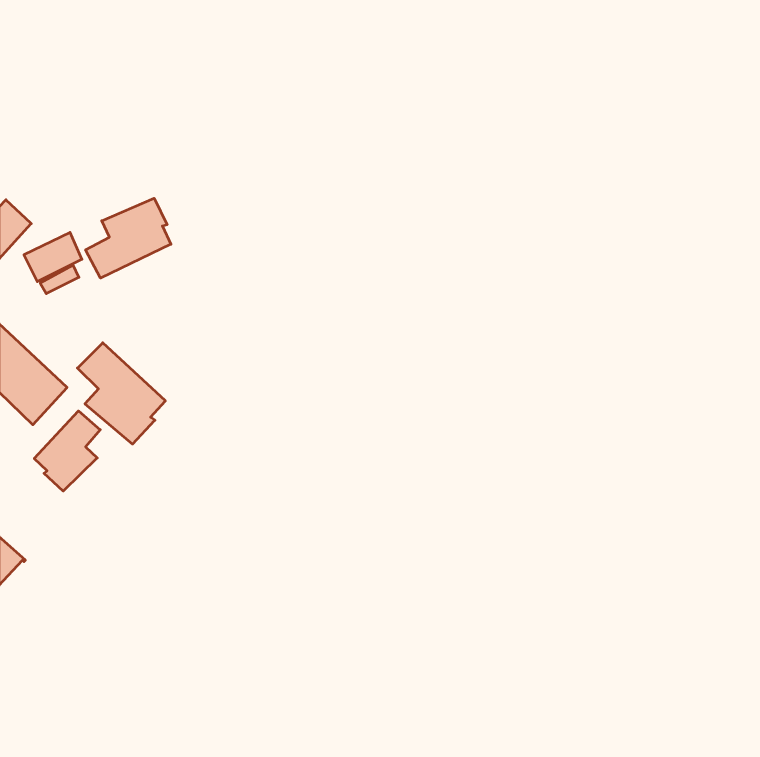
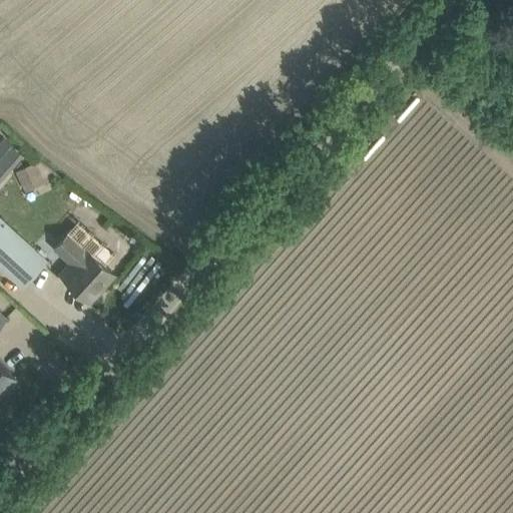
building: [86,198,171,278] -> none
building: [34,411,100,491] -> none

